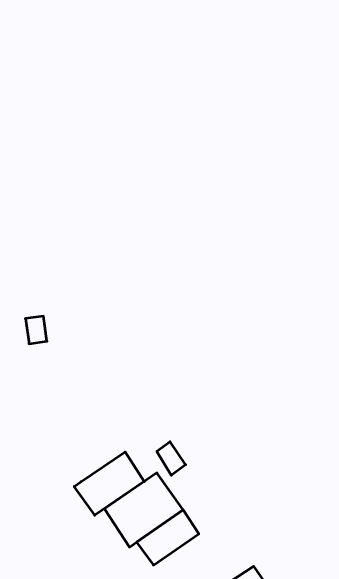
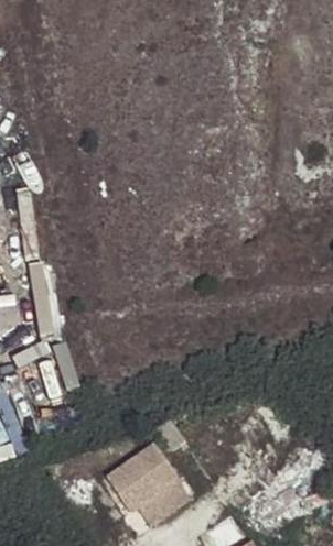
building: [74,452,144,515] -> none

